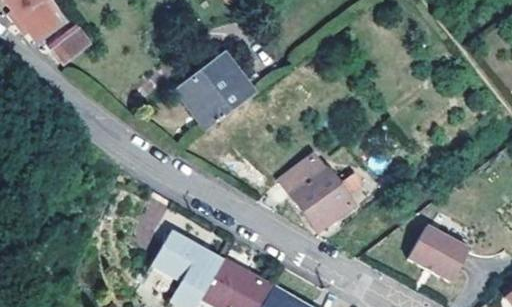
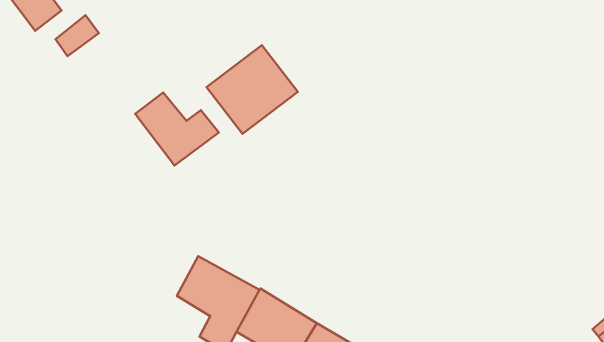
building: none -> [135,93,219,166]
building: [280,155,360,229] -> none
building: [407,222,469,280] -> none

